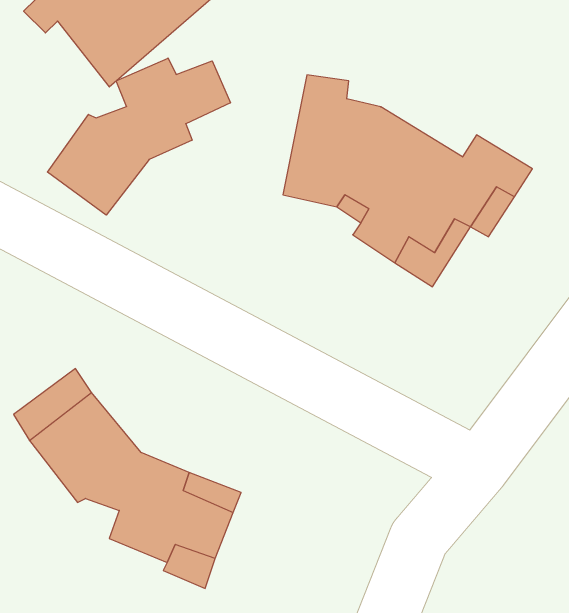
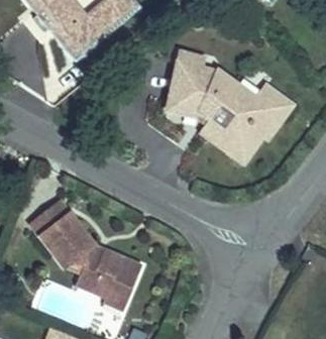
building: [47,58,230,215] -> none

